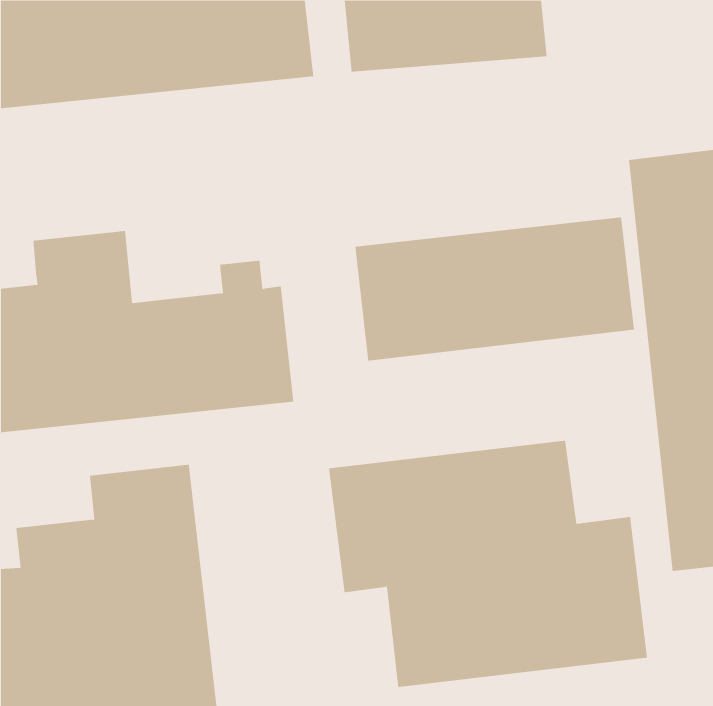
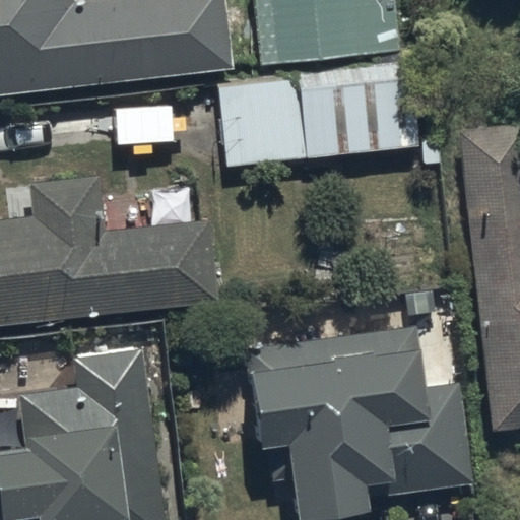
building: [355,217,635,361] -> [219,65,420,169]

